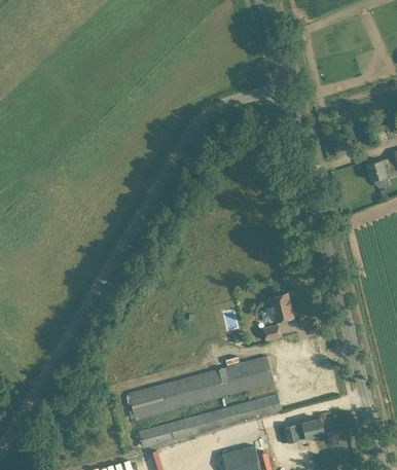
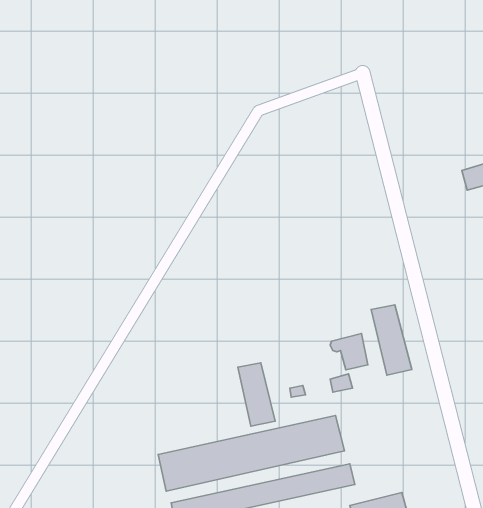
building: none -> [371,305,412,375]
building: none -> [238,363,275,426]

